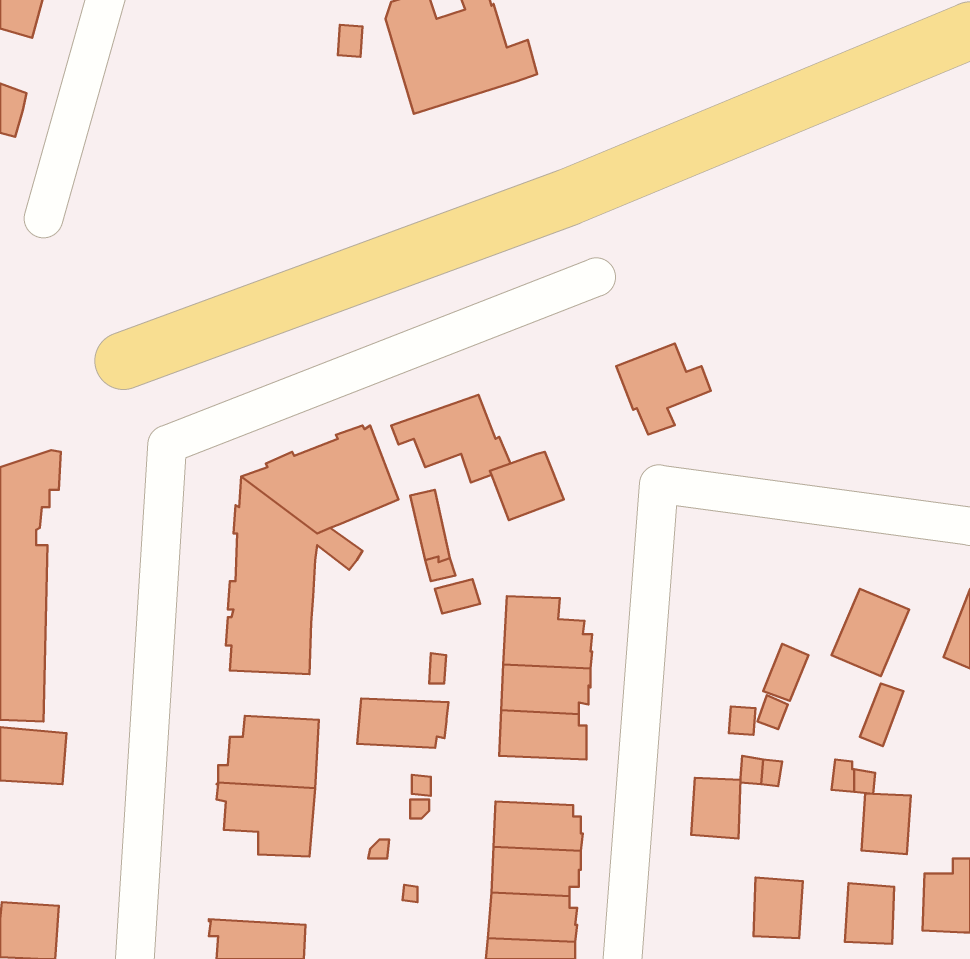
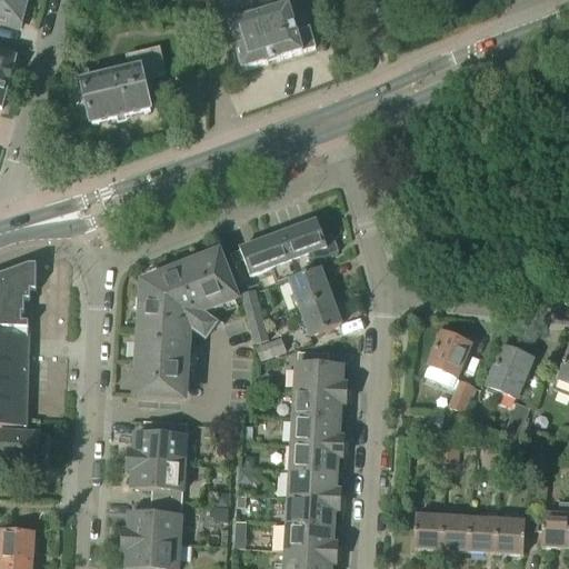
building: none -> [69,44,164,120]
building: [616,343,711,435] -> [280,218,336,271]
building: none -> [298,292,340,332]
building: none -> [423,330,470,385]
building: [357,698,448,748] -> [290,442,343,471]
building: [691,778,740,839] -> [413,512,442,548]
building: [861,793,911,854] -> [468,516,497,551]
building: none -> [122,500,181,541]

